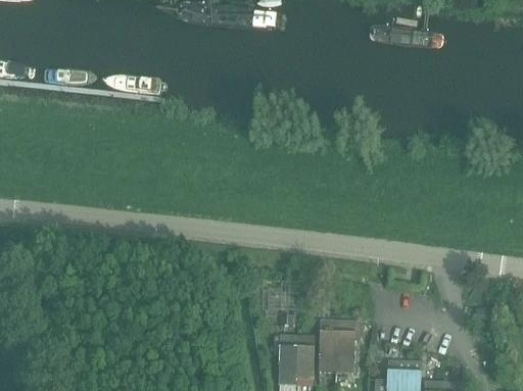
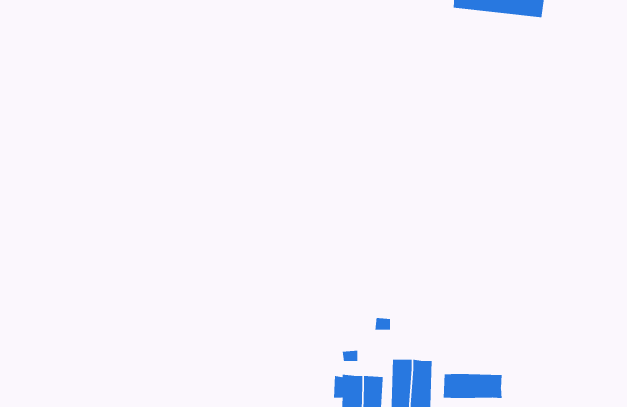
building: none -> [443,373,502,399]

